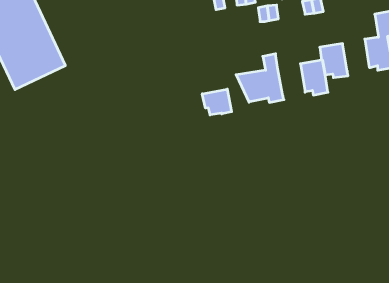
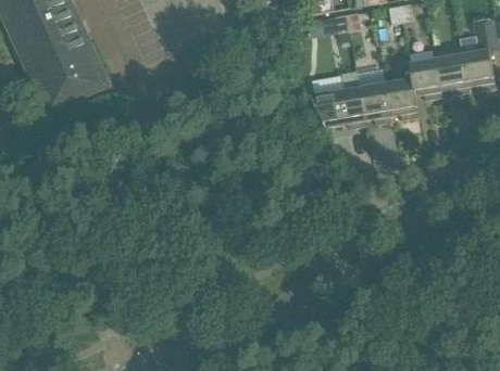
building: none -> [435,51,467,92]
building: none -> [358,80,391,121]
building: [202,89,232,115] -> none

